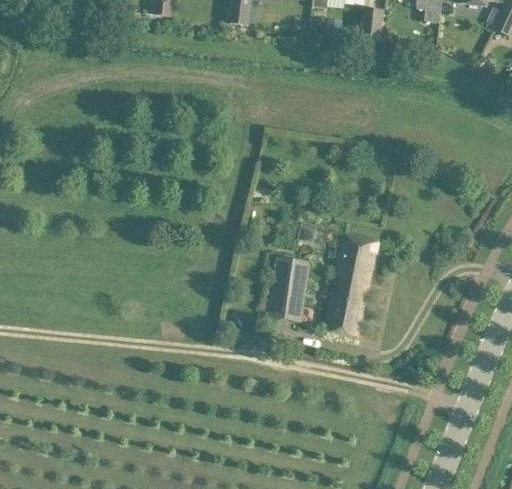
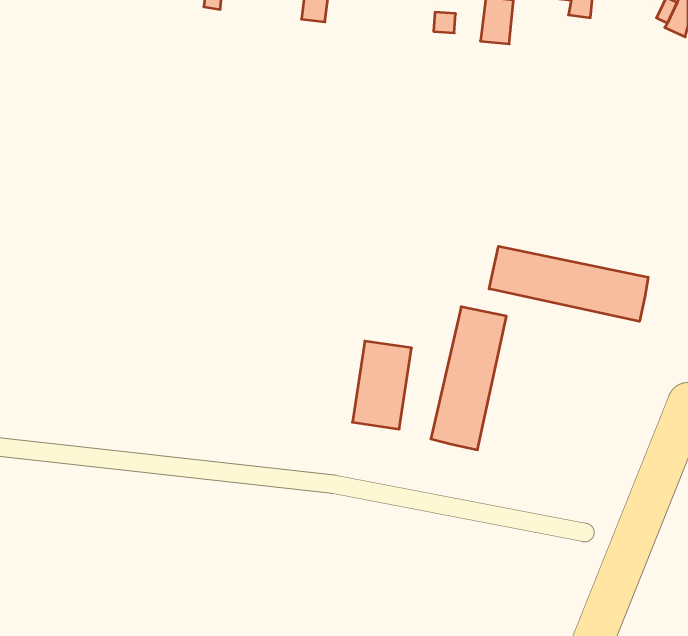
building: none -> [489,246,648,321]

